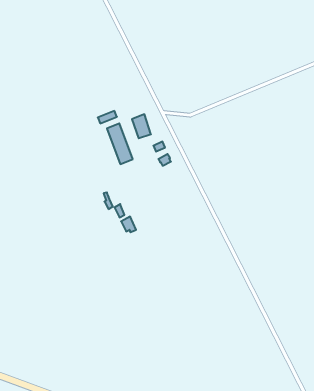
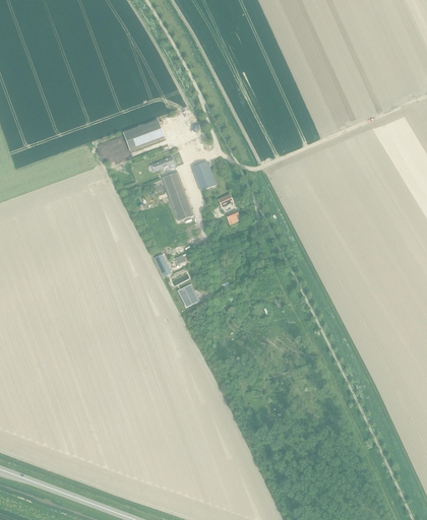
building: none -> [123,119,165,149]

